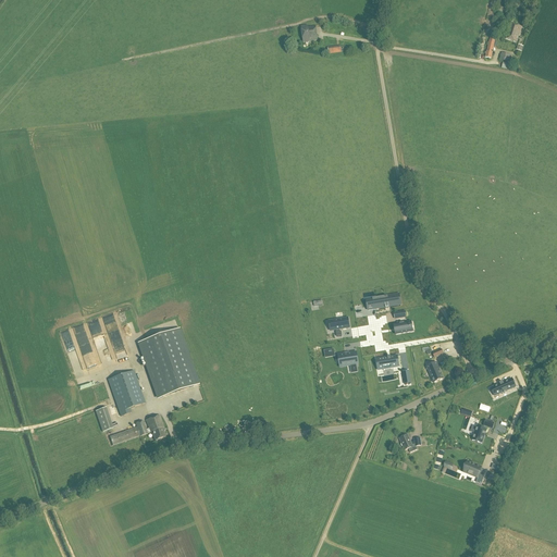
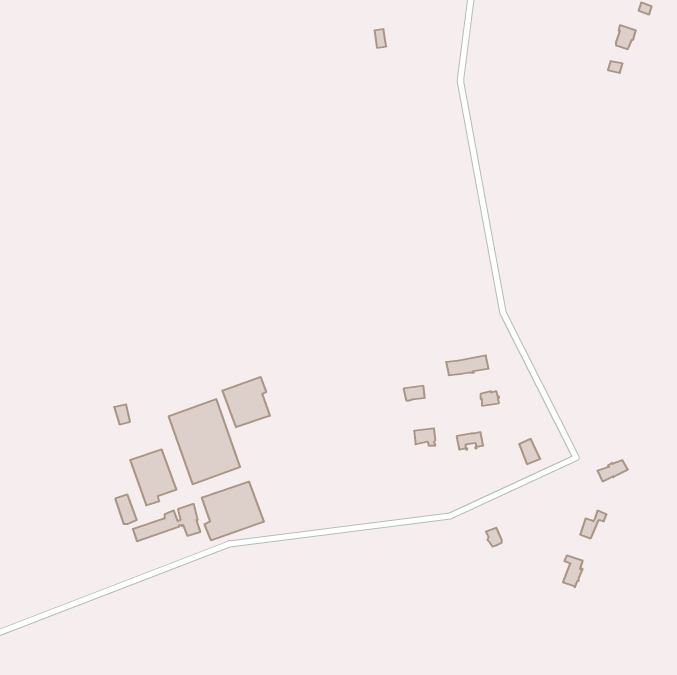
building: none -> [222,377,270,427]
building: none -> [202,482,264,540]

